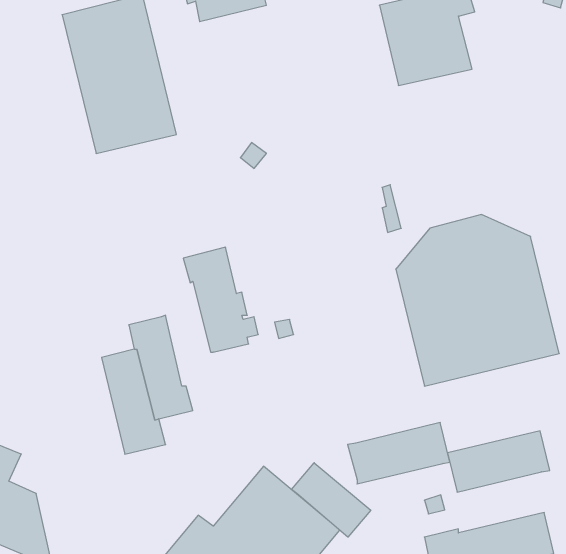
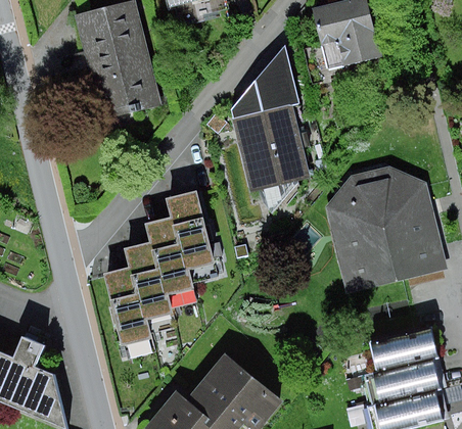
building: none -> [229,46,311,214]
building: none -> [144,216,192,294]
building: [348,423,450,484] -> [364,359,441,404]
building: [291,463,371,537] -> none

